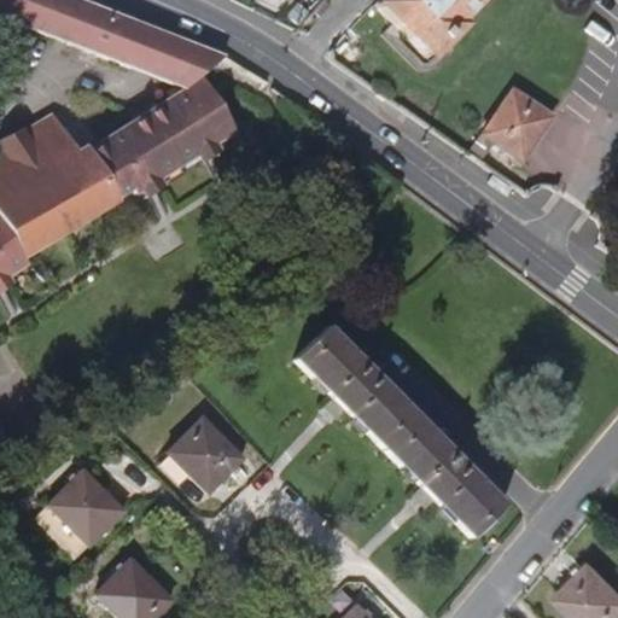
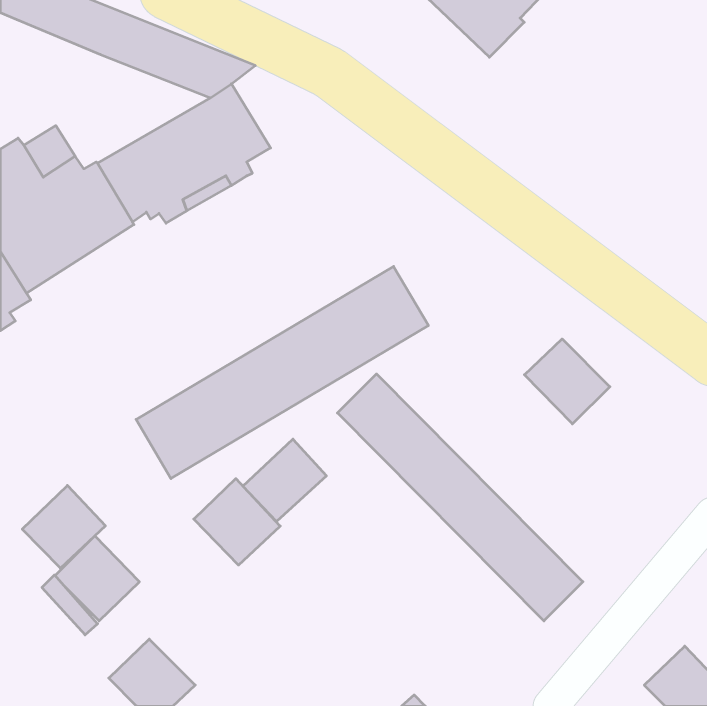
building: [486,89,554,158] -> none
building: none -> [136,266,428,479]
building: none -> [524,339,610,424]
building: none -> [243,439,326,522]
building: none -> [22,485,105,568]

